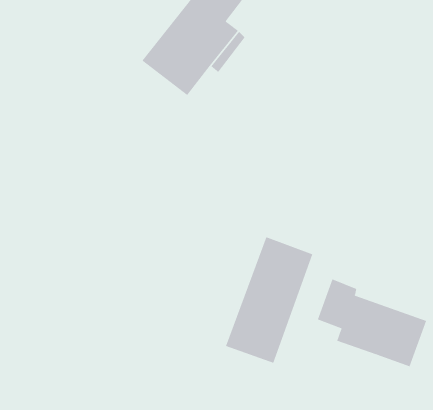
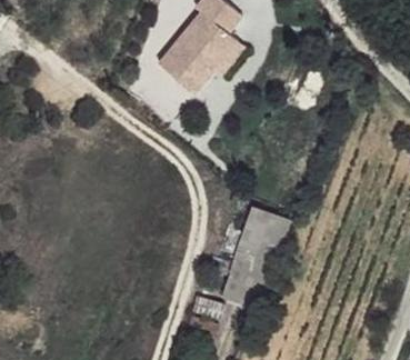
building: [317,279,427,367] -> none

